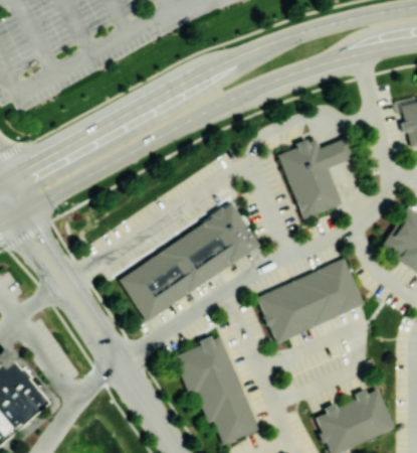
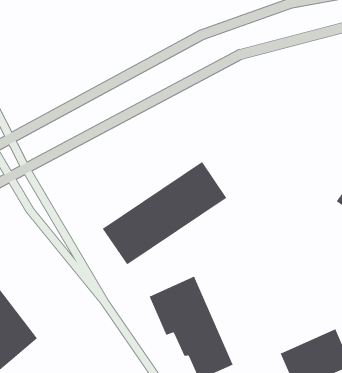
building: [277,134,361,222] -> none
building: [256,258,366,345] -> none

